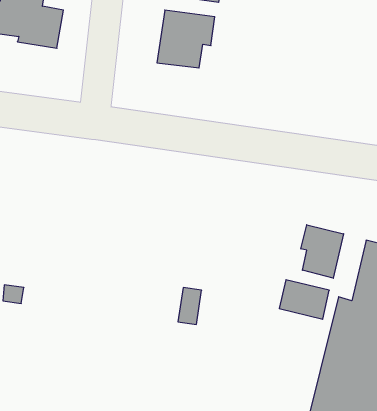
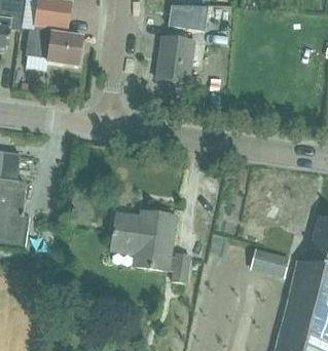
building: [301,225,344,278] -> none
building: none -> [111,211,174,270]

